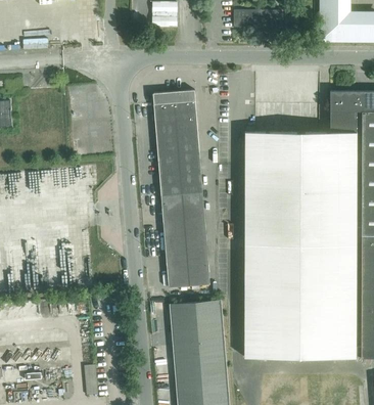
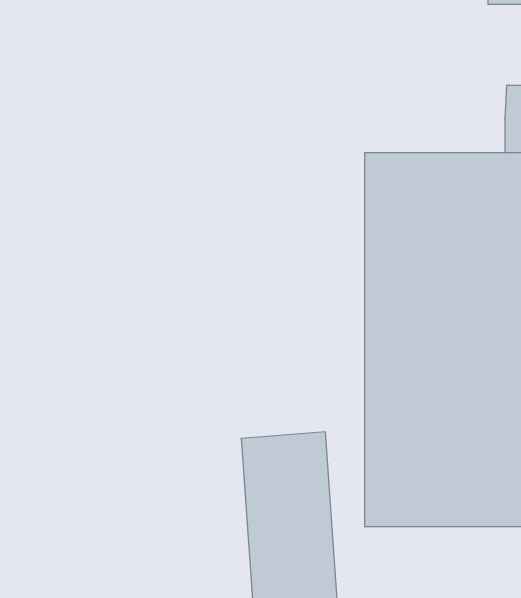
building: [152,90,209,287] -> none

